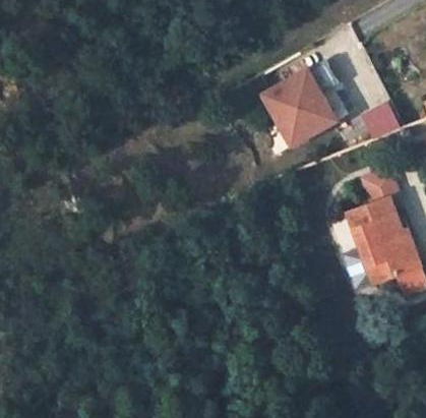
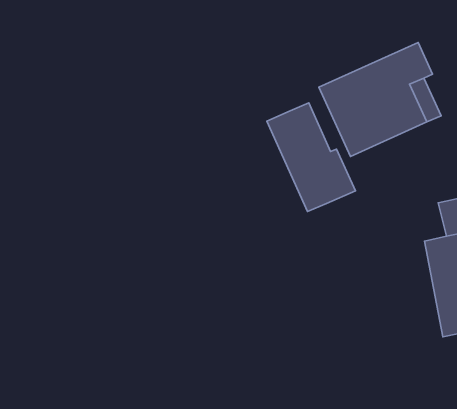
building: none -> [267,103,356,211]

